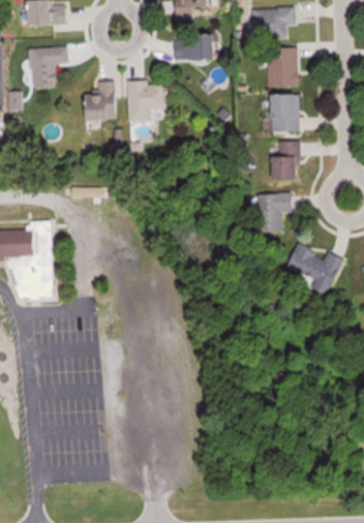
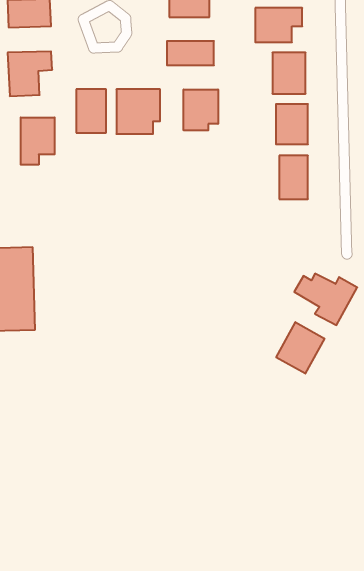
building: none -> [184,89,218,130]
building: none -> [21,117,55,165]
building: [255,193,293,233] -> none
building: none -> [276,322,324,374]

